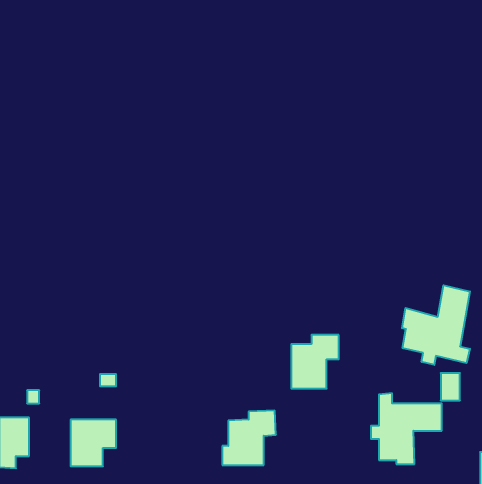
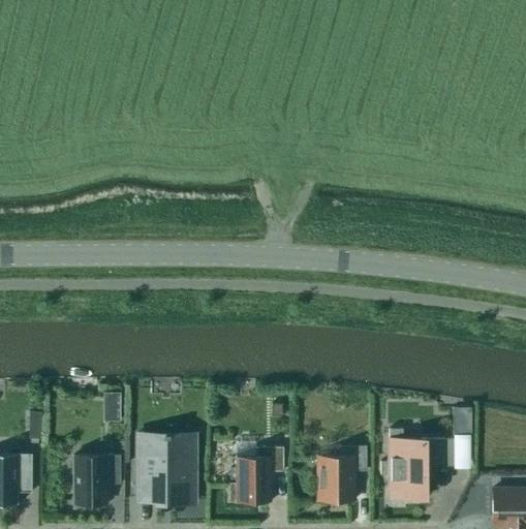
building: [402,285,470,365] -> none
building: [291,335,339,389] -> [318,446,367,501]
building: none -> [137,434,195,503]

